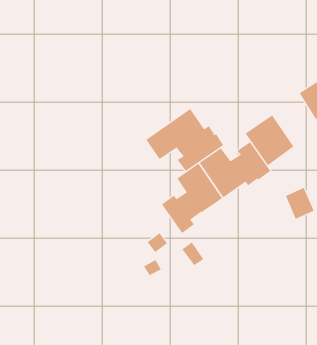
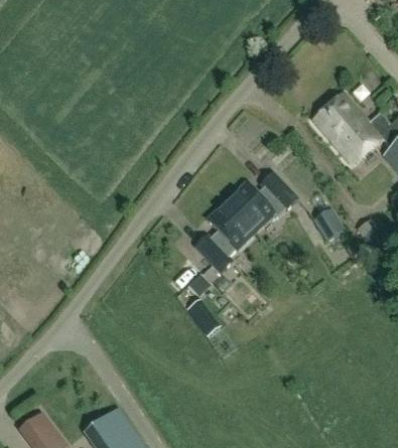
building: [145,108,224,172] -> none
building: [245,115,294,166] -> none

